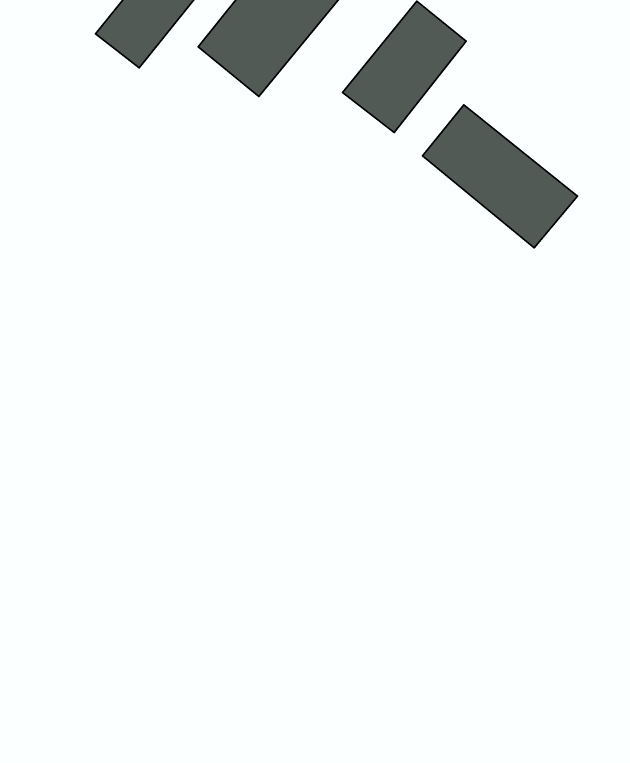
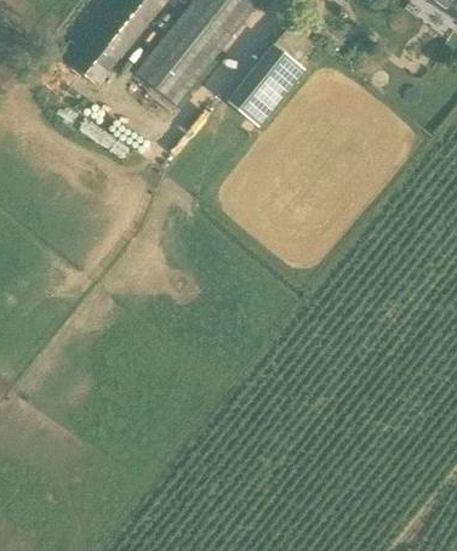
building: [423,105,578,248] -> none

